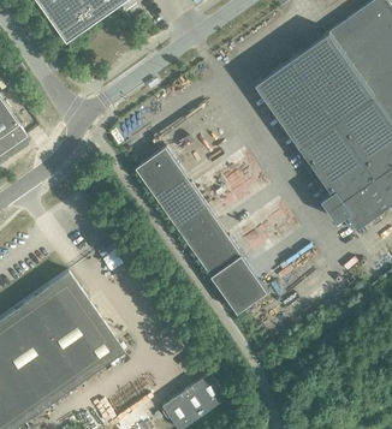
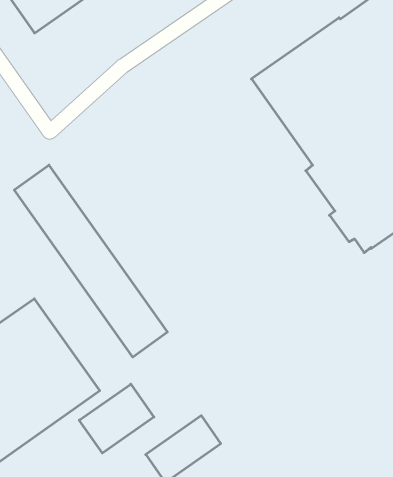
building: [135,147,267,312] -> [14,165,167,357]
building: none -> [79,384,154,453]

